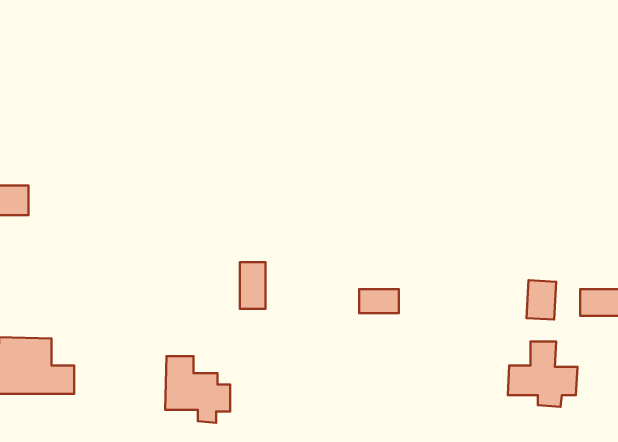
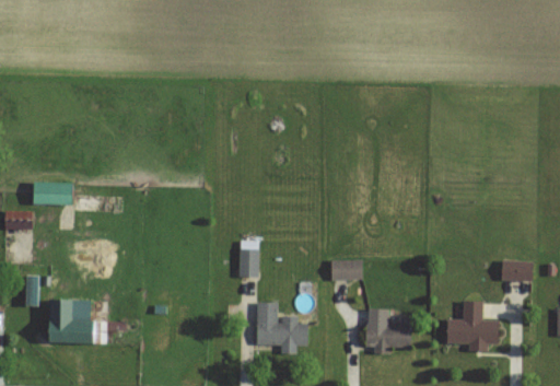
building: [526,280,556,320] -> none
building: none -> [365,309,410,354]
building: [165,356,230,423] -> [256,303,306,354]

